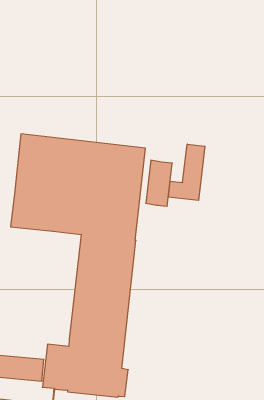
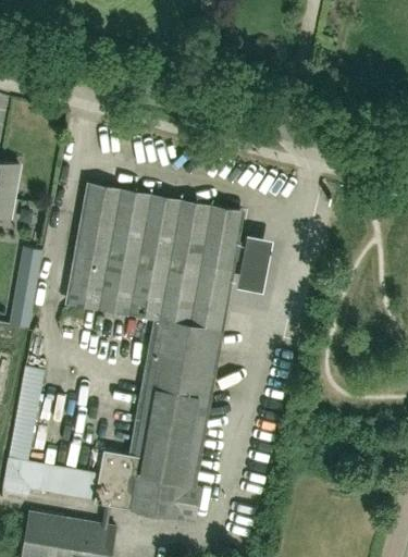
building: [168,144,205,200] -> none

